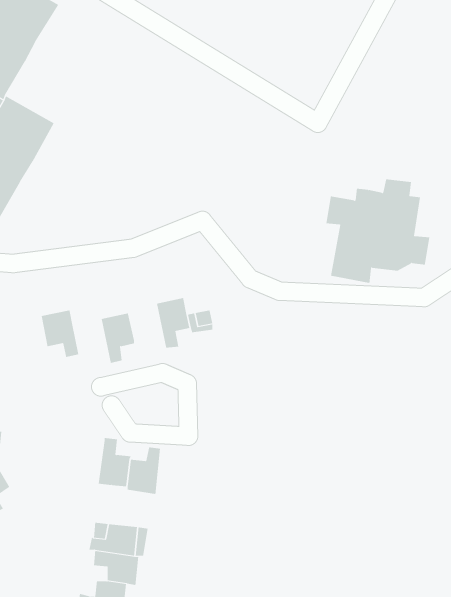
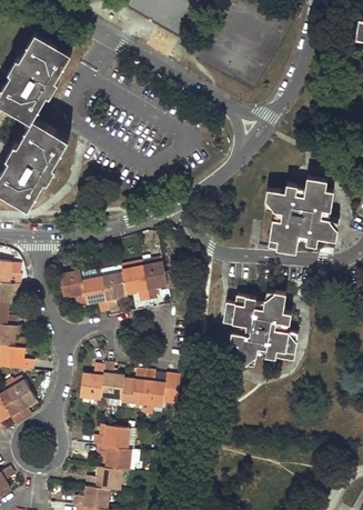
building: none -> [121,268,149,302]
building: none -> [82,279,109,312]
building: none -> [223,291,298,363]
building: none -> [80,366,104,400]
building: none -> [141,372,180,413]

